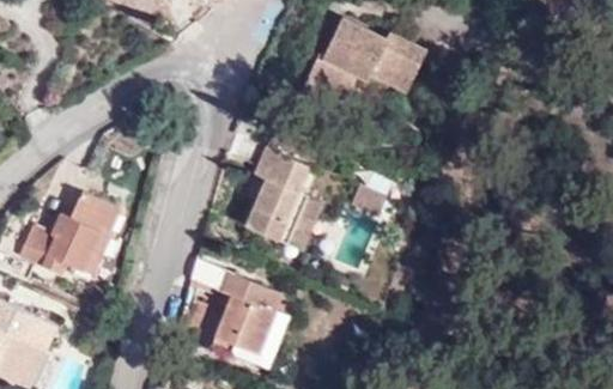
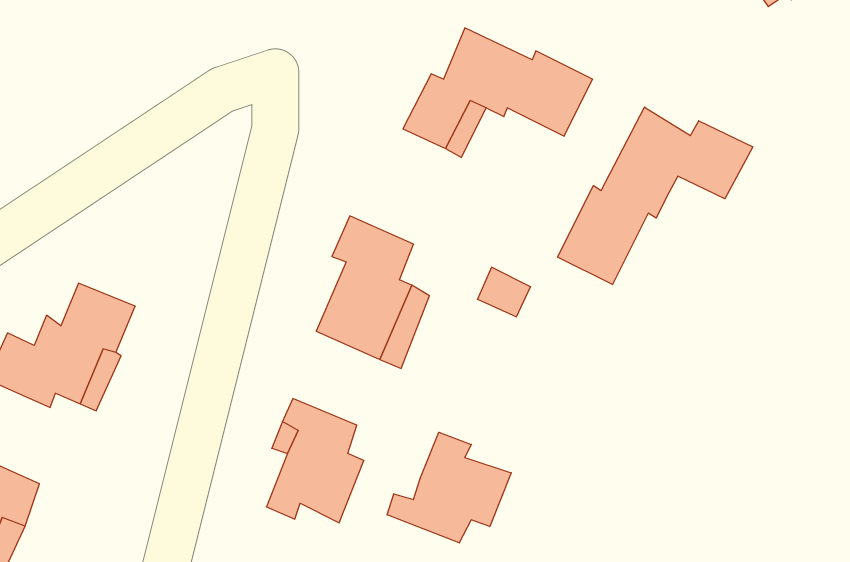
building: none -> [558,107,753,285]
building: none -> [387,432,511,543]

